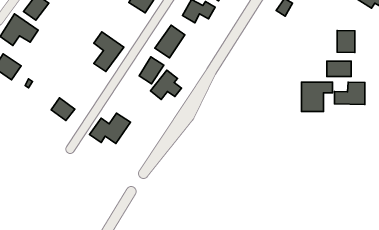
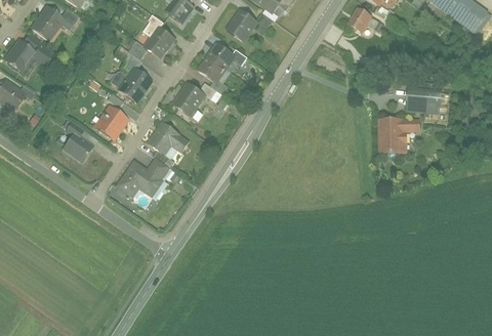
building: none -> [142,23,179,60]
building: [337,30,355,52] -> none
building: [151,70,181,100] -> [153,123,192,160]
building: none -> [88,103,122,139]
building: [334,82,365,104] -> none

